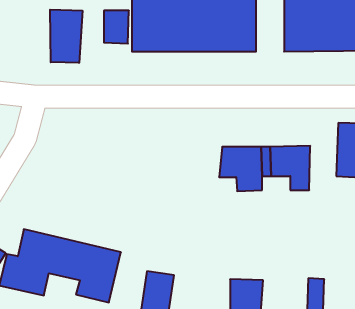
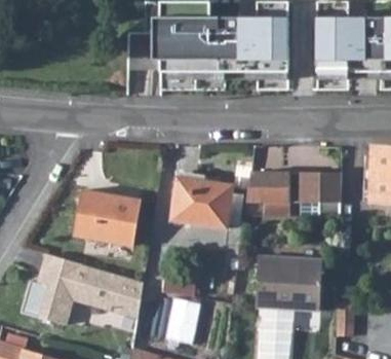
building: [50,10,82,63] -> none
building: none -> [168,178,231,229]
building: none -> [73,191,139,245]
building: none -> [257,247,323,309]

